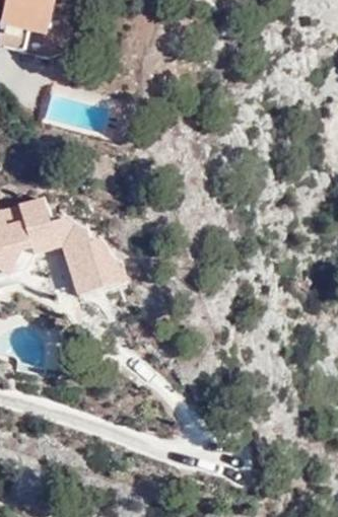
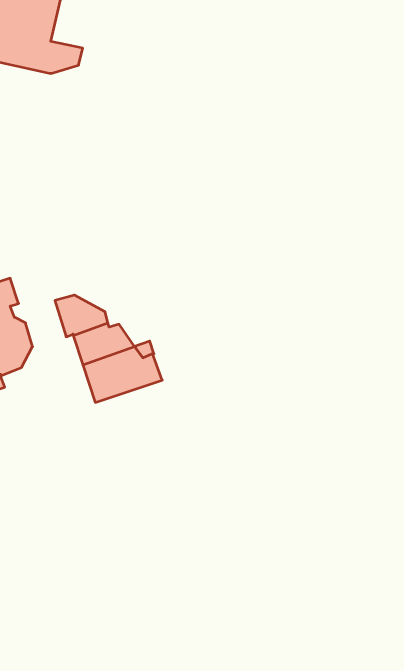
building: [16,197,57,253] -> none

